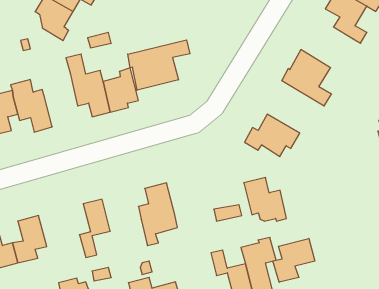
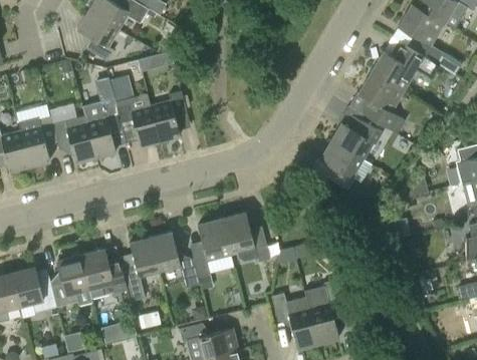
building: none -> [371,41,429,91]
building: [128,40,190,90] -> none
building: none -> [82,98,124,156]
building: none -> [333,110,382,159]
building: [244,178,286,221] -> [222,213,269,261]
building: none -> [151,232,200,288]
building: none -> [80,249,127,298]
building: [273,238,315,282] -> none

